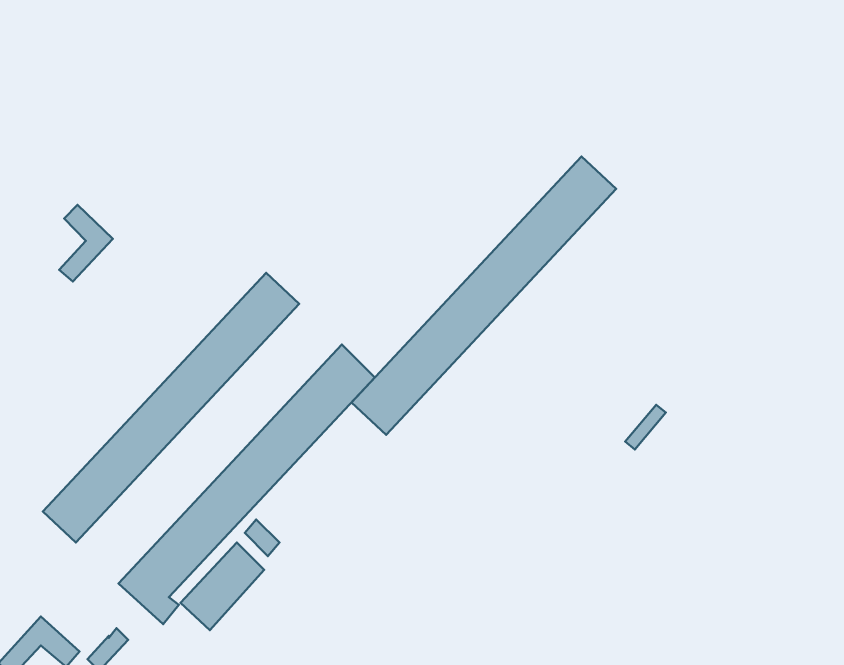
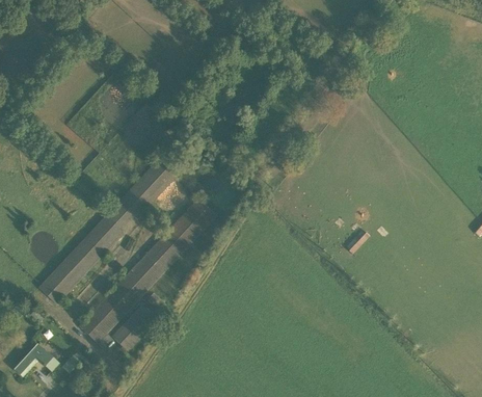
building: [351,156,616,435] -> none
building: [59,205,113,282] -> none

